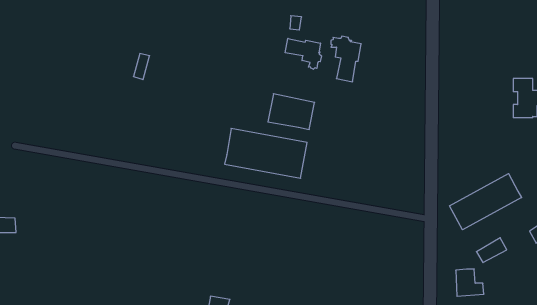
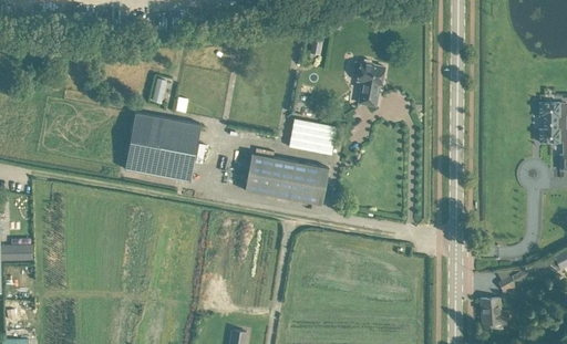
building: [285,38,321,69] -> none
building: none -> [125,112,202,181]
building: [450,174,522,230] -> none

